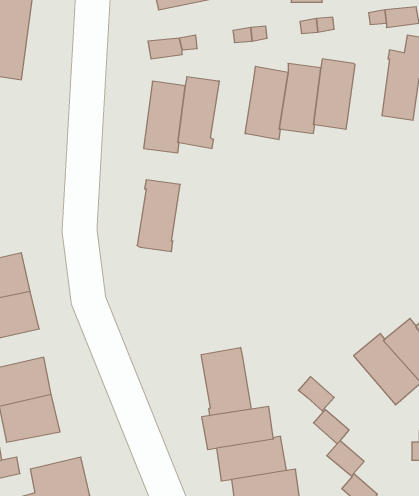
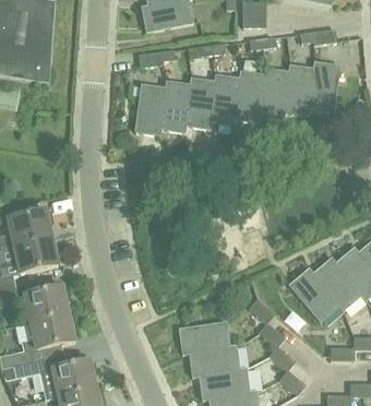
building: none -> [284,64,314,117]
building: [137,180,180,252] -> [183,77,215,130]
building: [201,347,251,416] -> none

